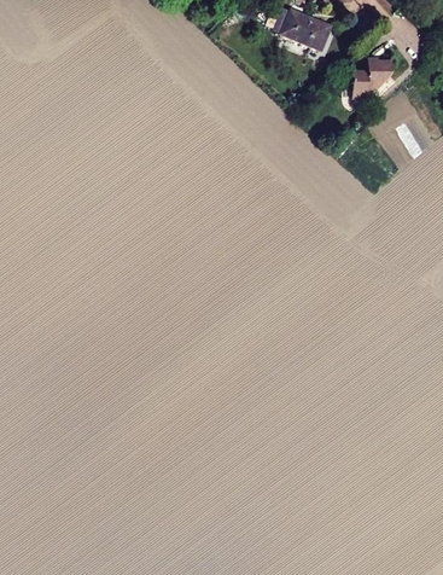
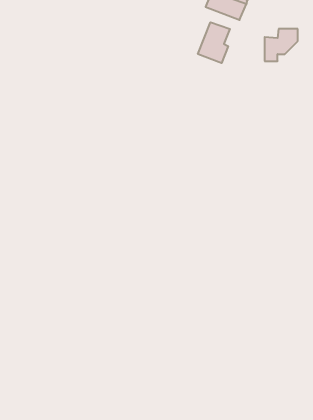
building: none -> [198,22,230,63]

